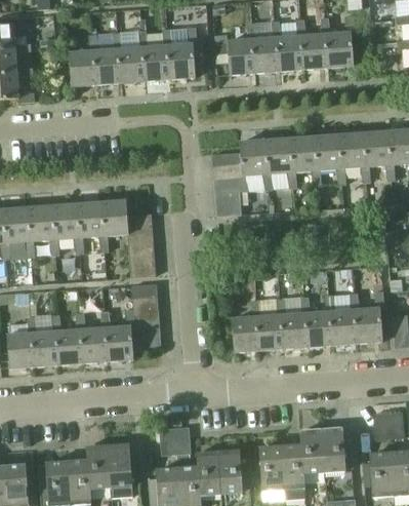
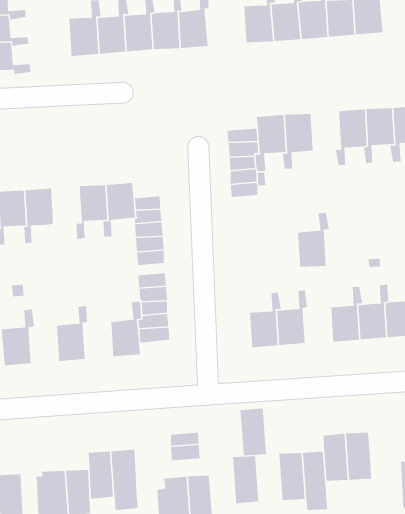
building: [287,135,316,187] -> none
building: [51,203,80,255] -> none
building: [282,297,312,347] -> [297,212,330,268]
building: [82,310,112,361] -> none
building: [33,314,63,365] -> none
building: [196,450,220,494] -> [240,408,267,456]

